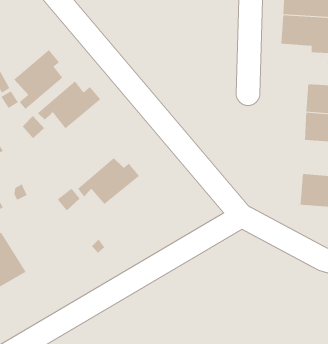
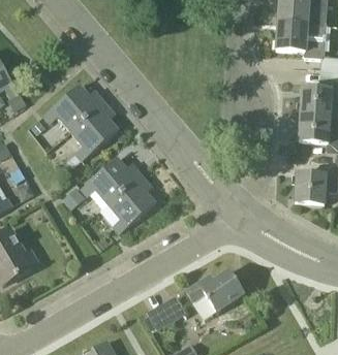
building: [13,49,63,110] -> [70,102,118,160]
building: none -> [107,175,155,233]
building: none -> [185,269,244,313]
building: none -> [147,295,186,330]

